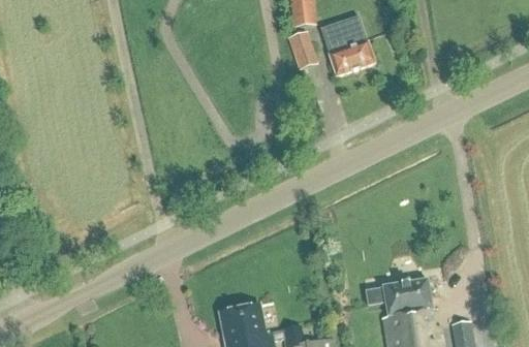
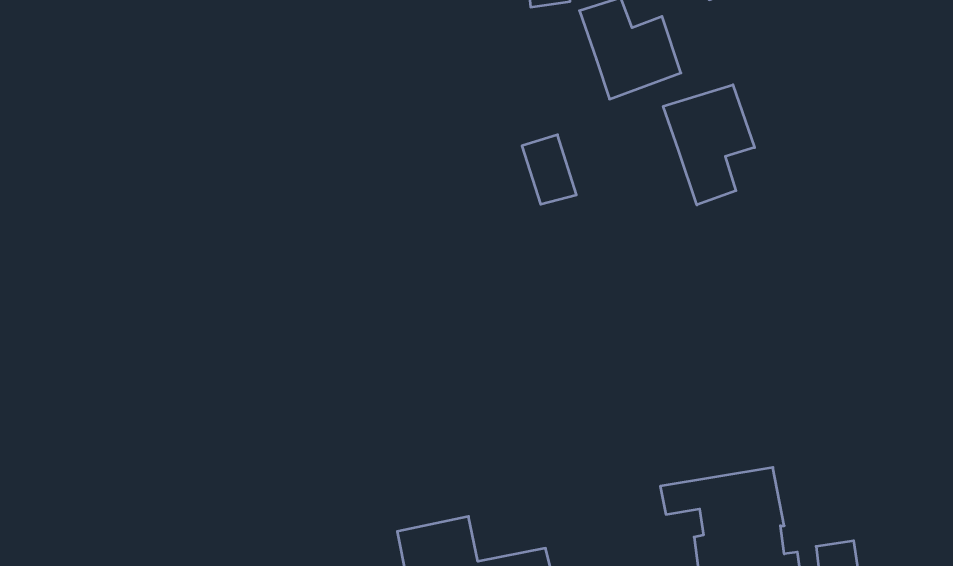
building: [289,31,319,69] -> [522,135,576,204]
building: none -> [663,85,755,205]

